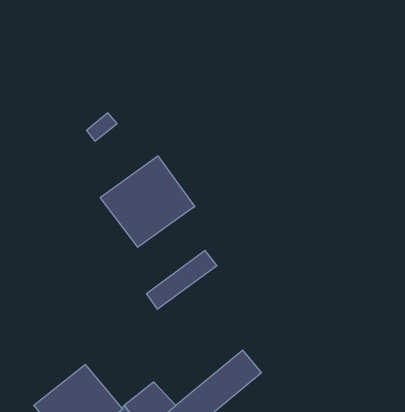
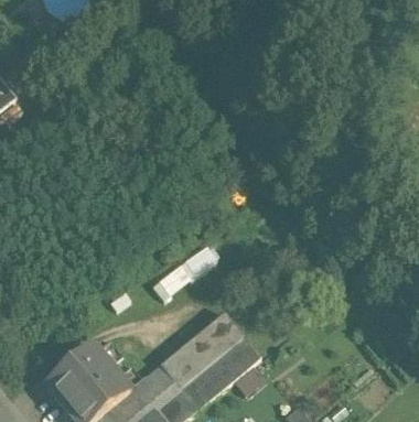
building: [100,156,195,247] -> none
building: none -> [161,311,244,386]

